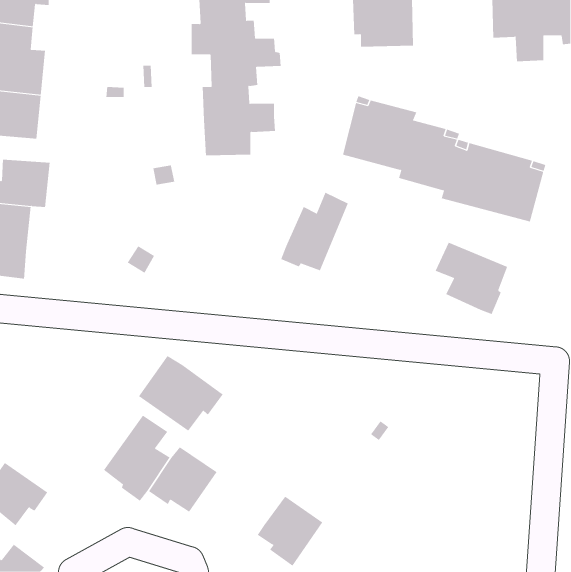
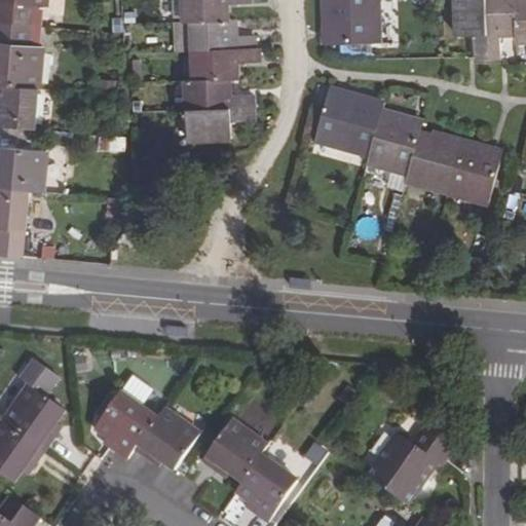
building: [281,192,349,271] -> none
building: [435,242,508,315] -> none
building: [138,355,224,431] -> none
building: none -> [4,361,65,451]
building: none -> [203,421,267,481]
building: none -> [368,428,456,504]

